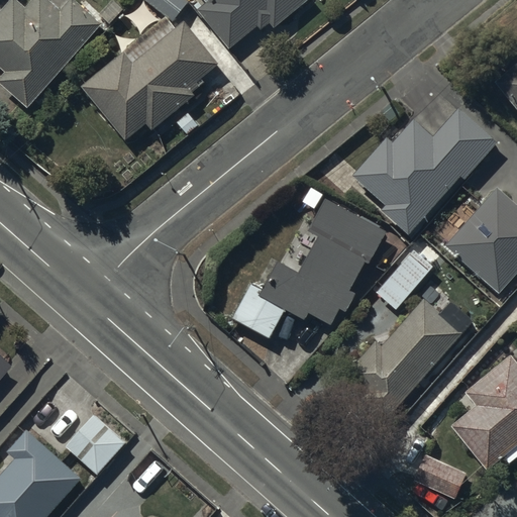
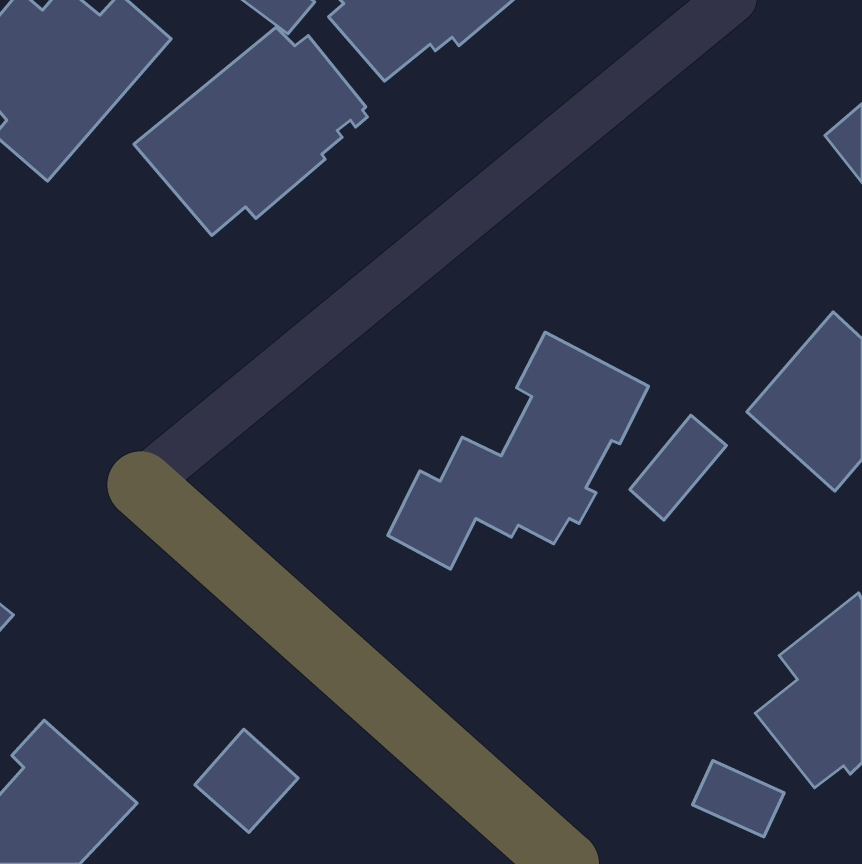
building: [351,106,498,235] -> none
building: [344,299,474,415] -> none
building: [65,413,126,475] -> [195,729,298,832]

